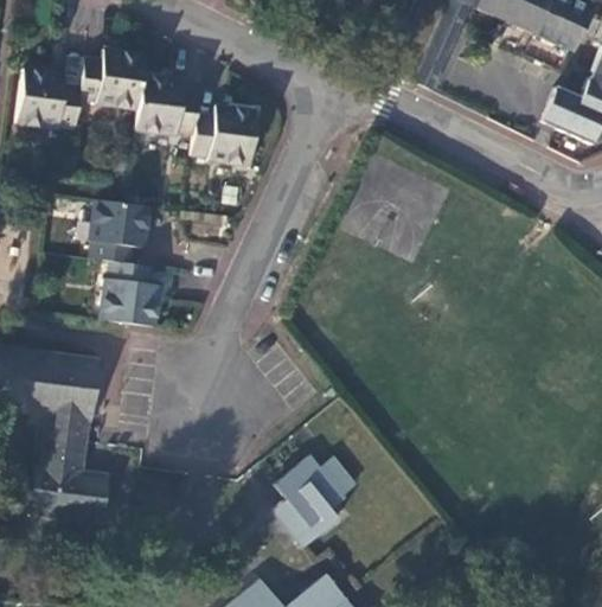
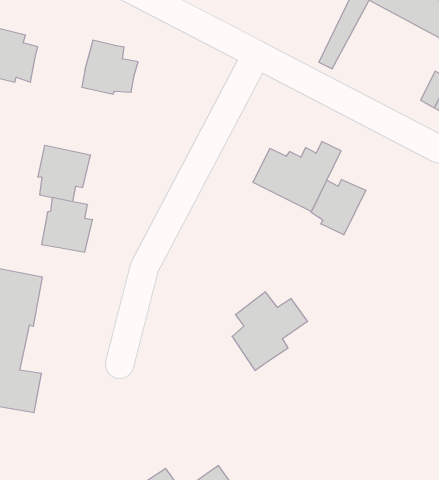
building: [77,49,147,108] -> none
building: [191,104,255,162] -> none
building: none -> [311,179,366,235]
building: [270,448,359,543] -> [232,292,308,371]

